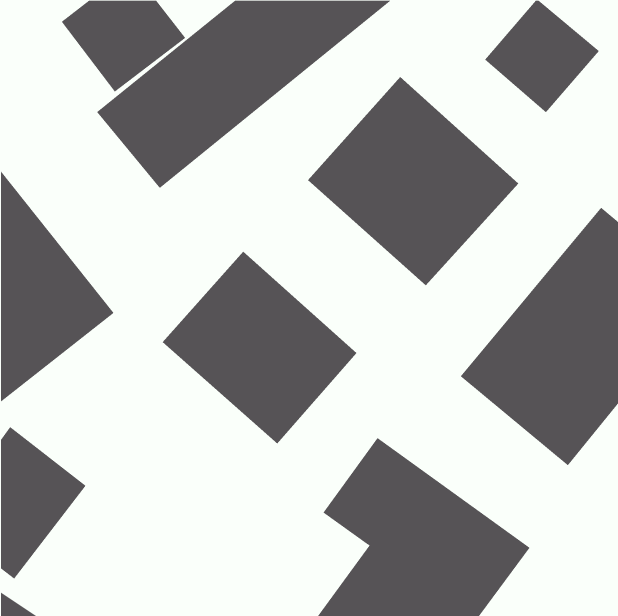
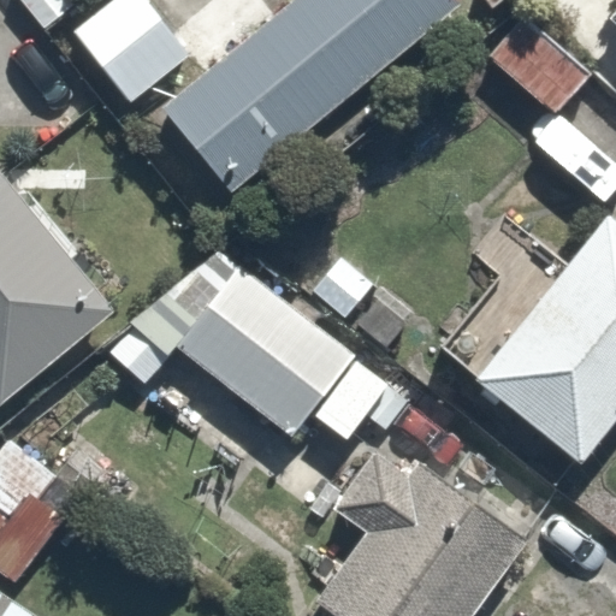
building: [307,76,519,286] -> none

